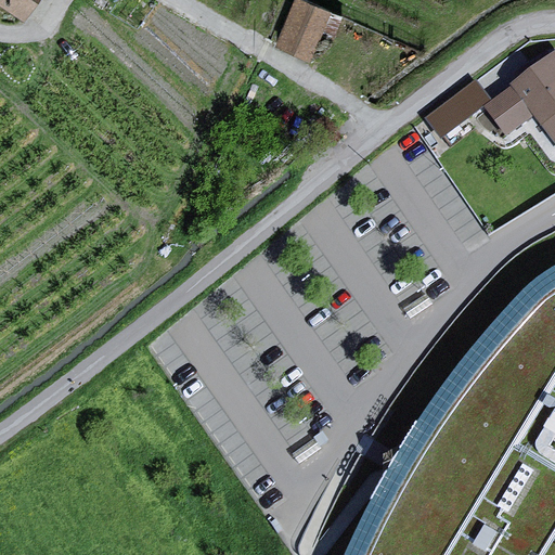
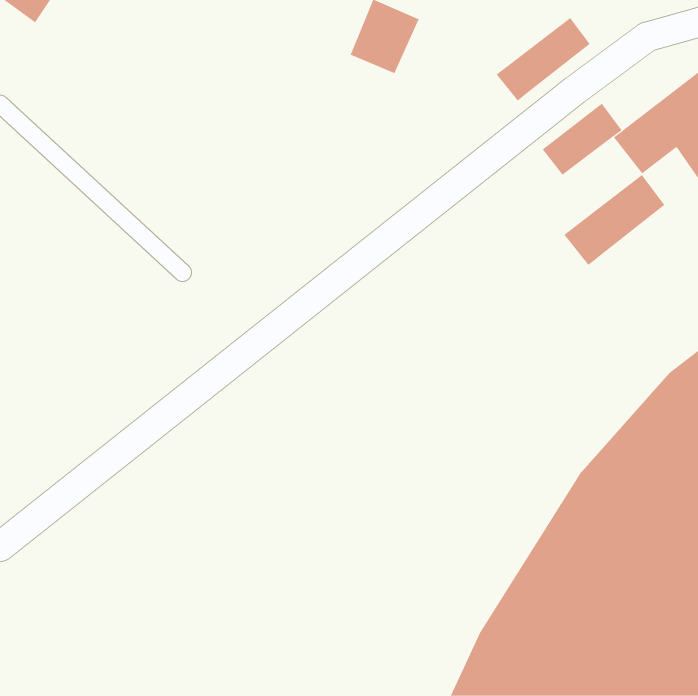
building: none -> [496,17,590,102]
building: none -> [563,174,665,266]

